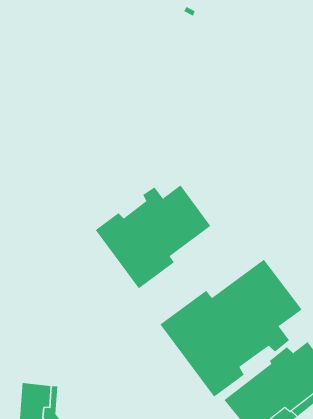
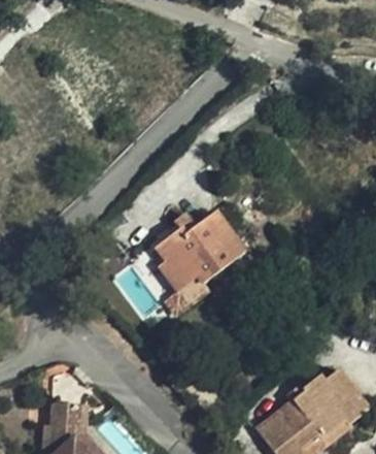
building: [159,259,302,398] -> none

